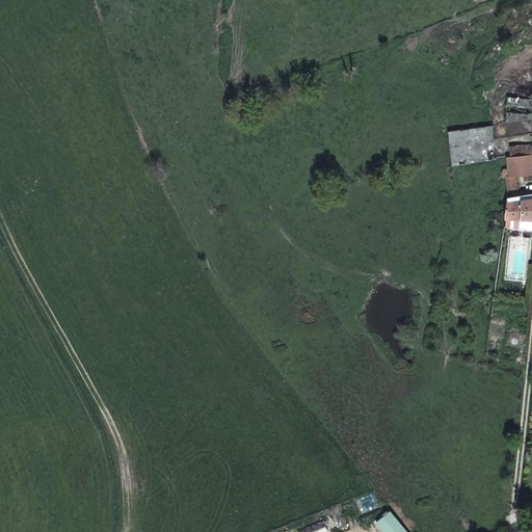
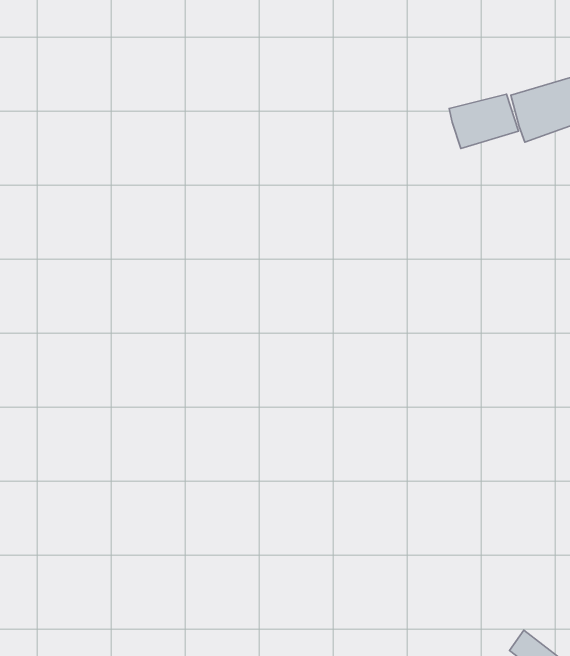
building: none -> [449,94,519,148]

